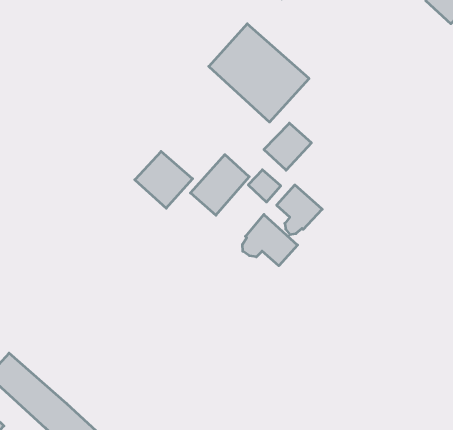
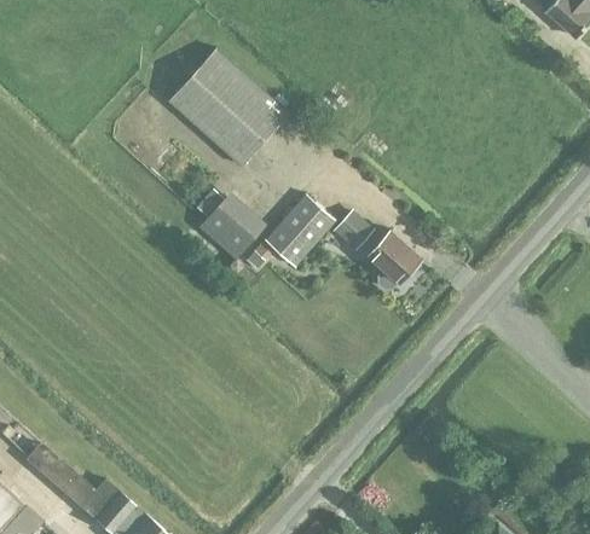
building: [209,24,309,122] -> [169,50,289,167]
building: [264,123,311,170] -> none
building: [242,214,298,266] -> none

